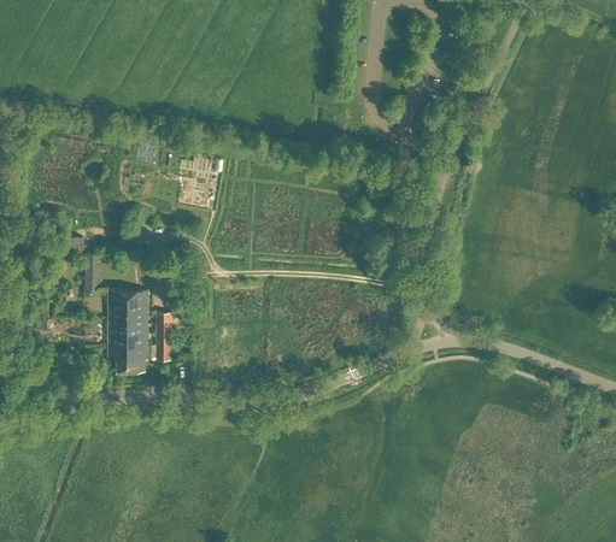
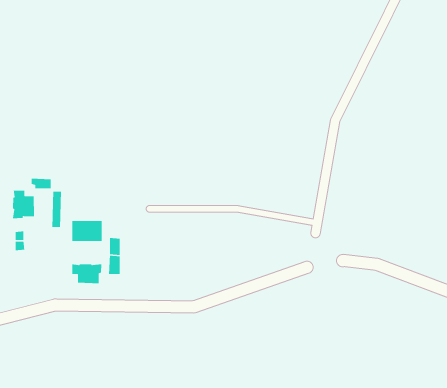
building: none -> [11,190,35,219]
building: [108,319,148,348] -> none

